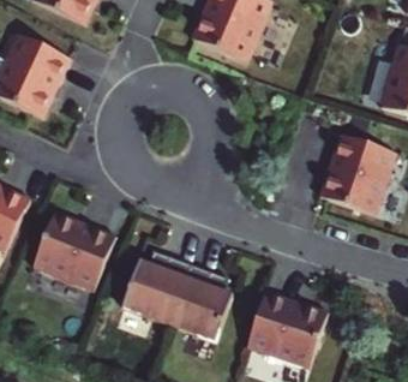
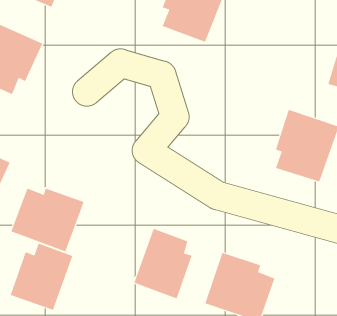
building: [120,249,190,323] -> [10,243,73,311]

